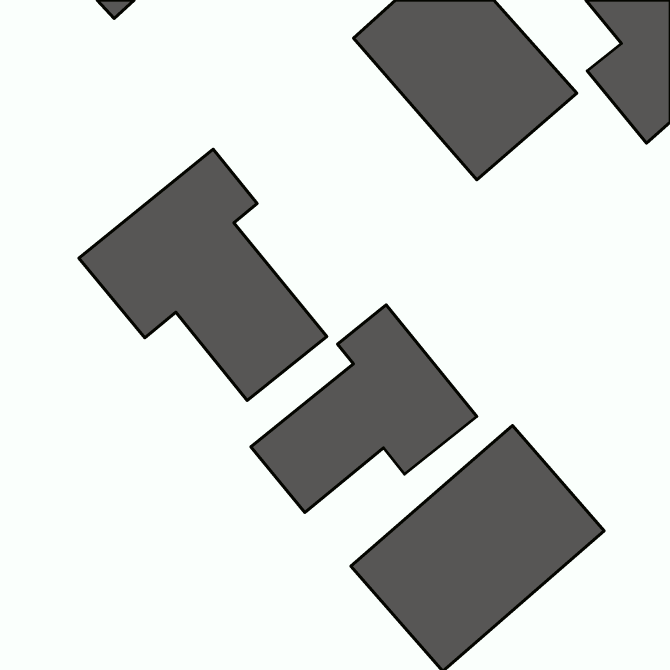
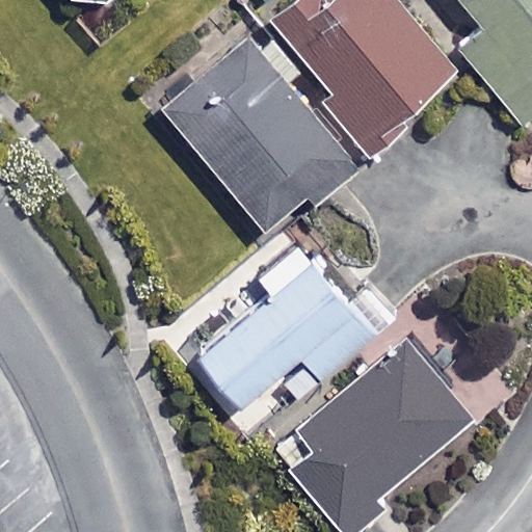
building: none -> [161,37,349,235]
building: [79,149,327,401] -> none

